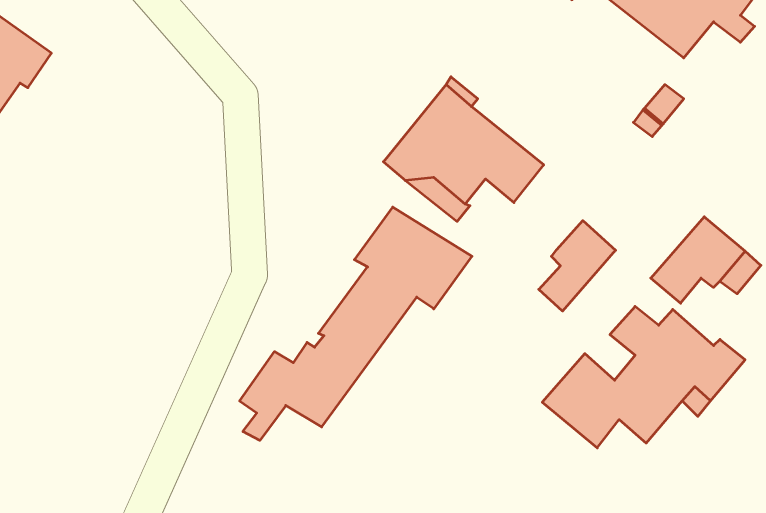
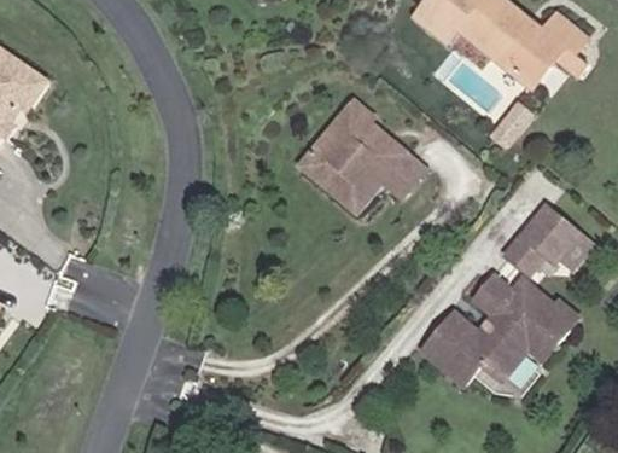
building: [240,207,472,440] -> none
building: [539,221,616,311] -> none

